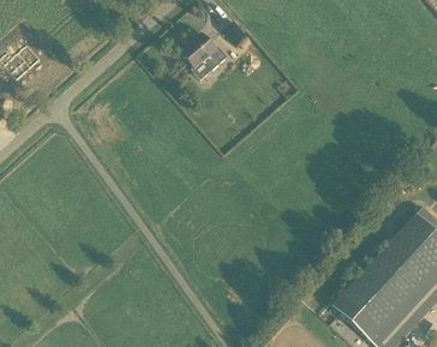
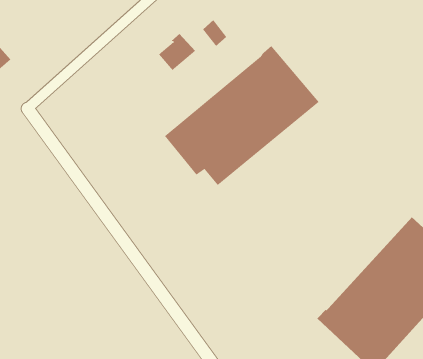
building: none -> [164,45,319,186]

